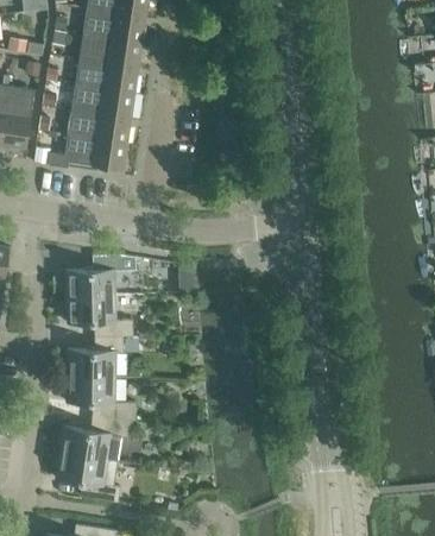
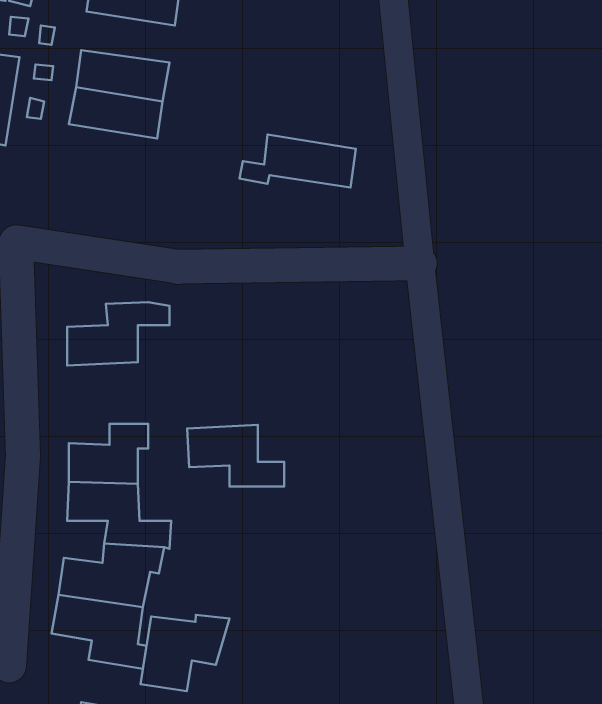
building: [76,59,139,94] -> none
building: [49,135,127,171] -> [239,135,356,187]
building: [67,296,132,338] -> [187,425,284,487]
building: none -> [141,615,229,691]

